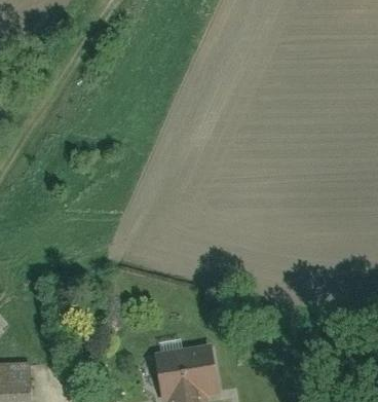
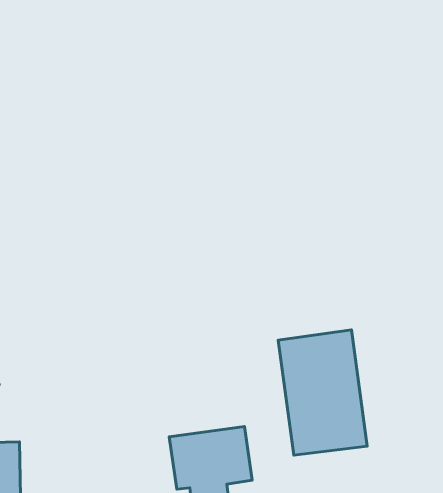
building: none -> [278,330,367,455]

